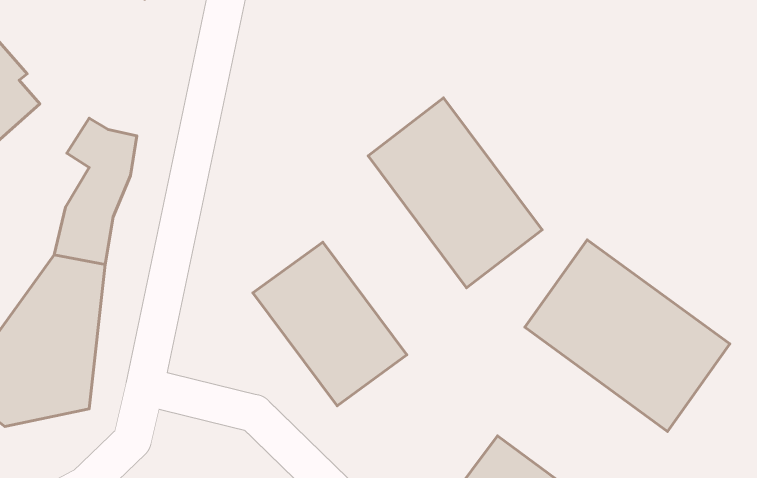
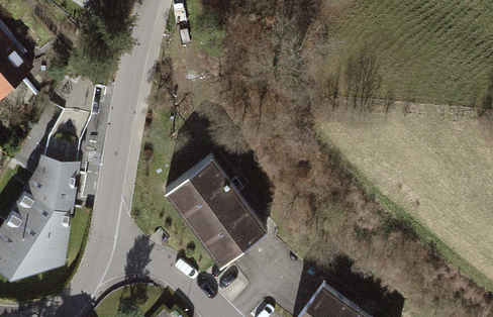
building: [368,98,542,288] -> none
building: [525,240,730,431] -> none

